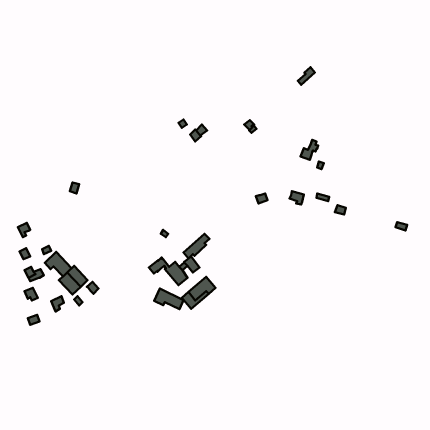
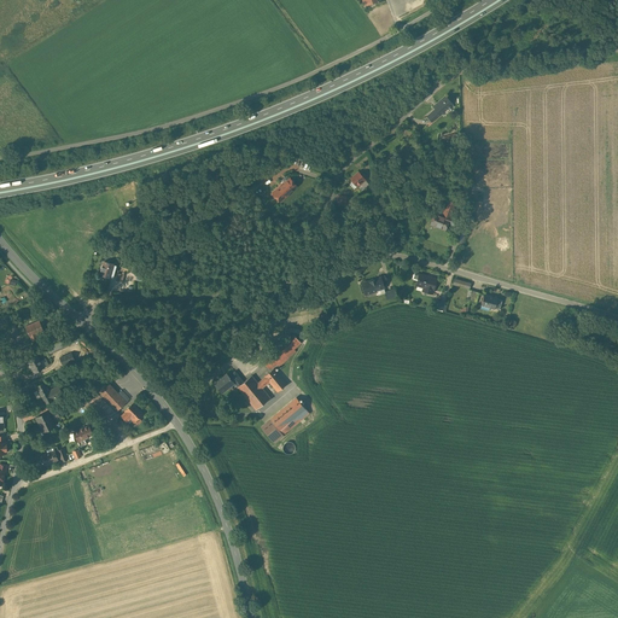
building: [45,252,71,276] -> none
building: [154,289,184,309] -> none

